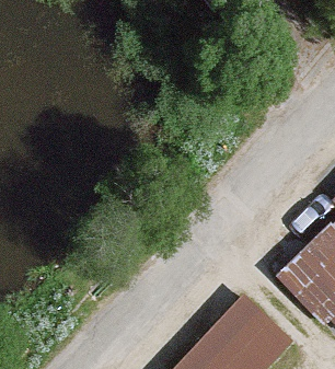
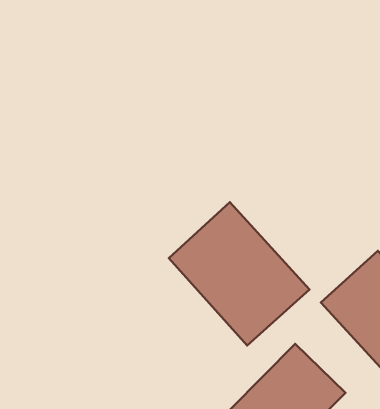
building: none -> [169,202,309,345]

